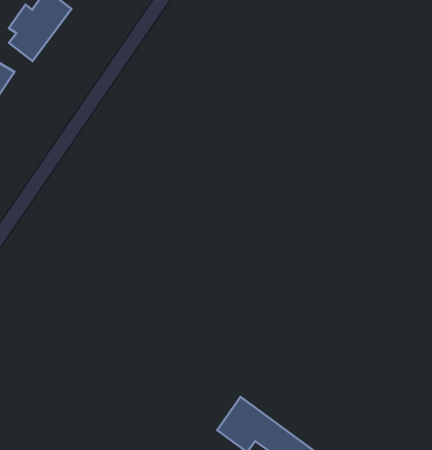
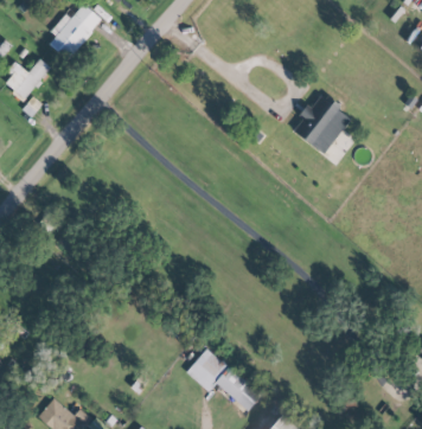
building: none -> [292,94,350,154]

